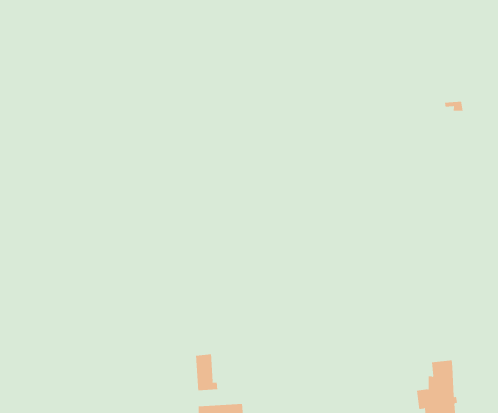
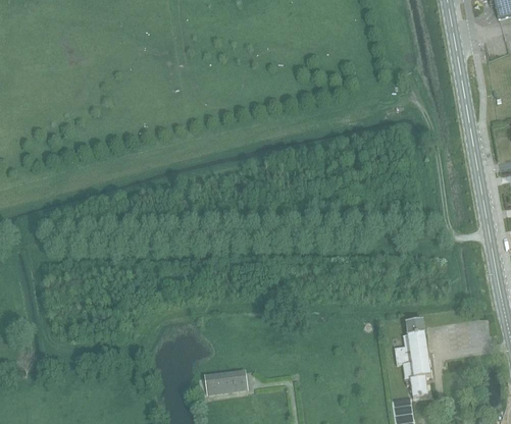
building: [195,354,218,391] -> none

